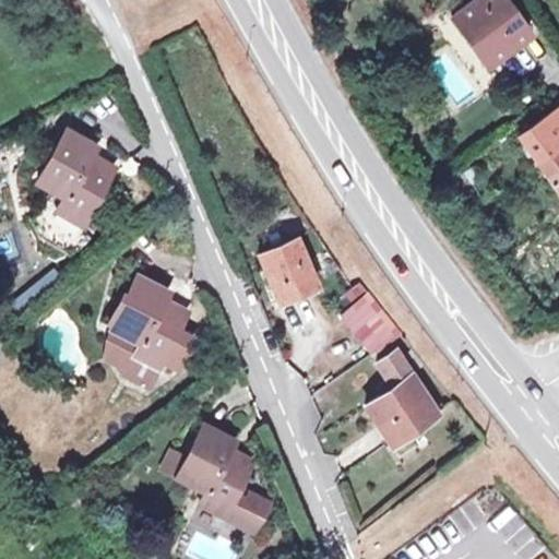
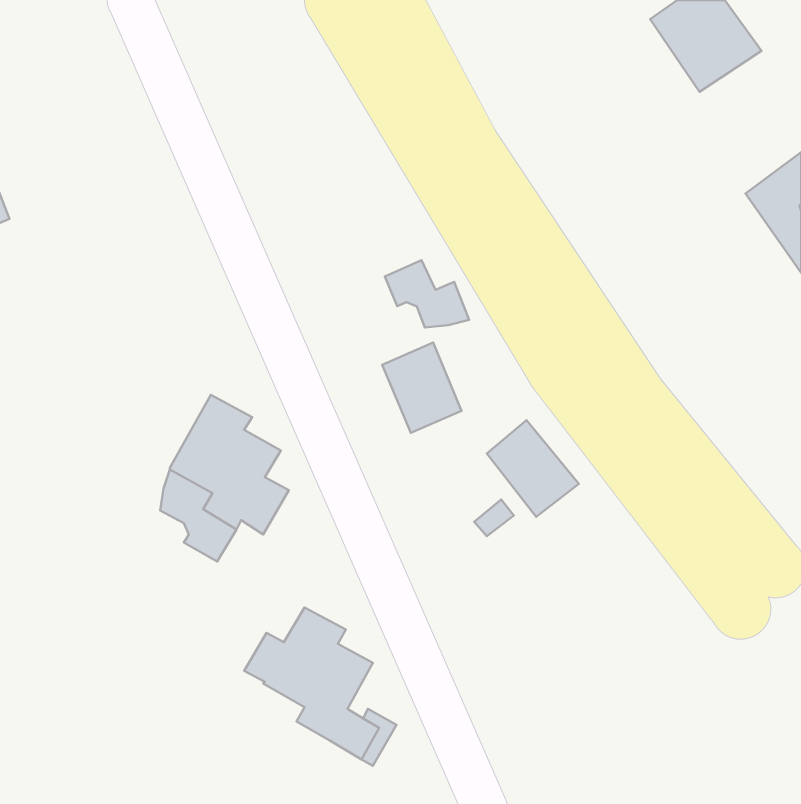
building: [46,127,121,223] -> none
building: none -> [385,260,469,328]
building: [361,352,436,450] -> none

